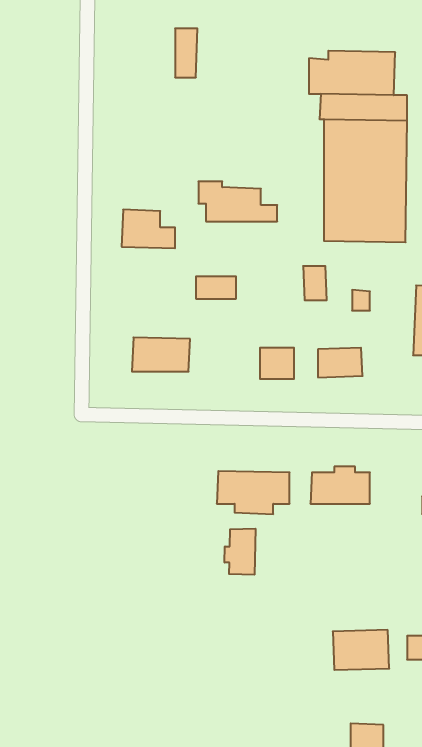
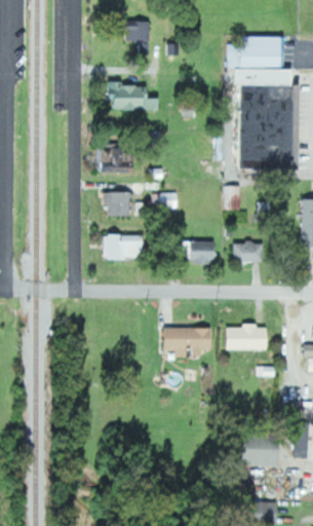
building: [198,181,277,221] -> [106,81,160,109]
building: none -> [103,191,129,216]
building: [225,529,255,575] -> none

